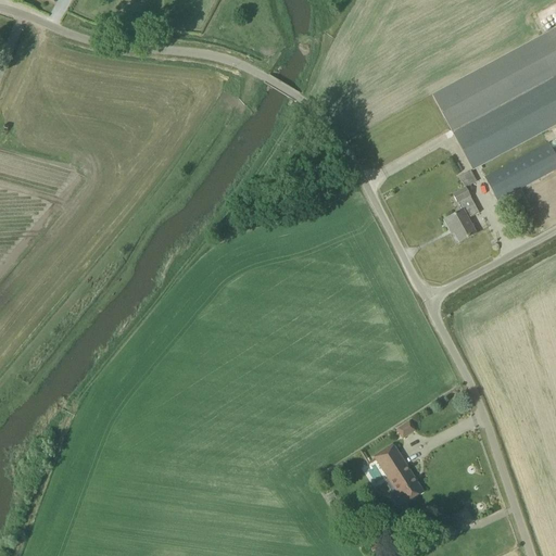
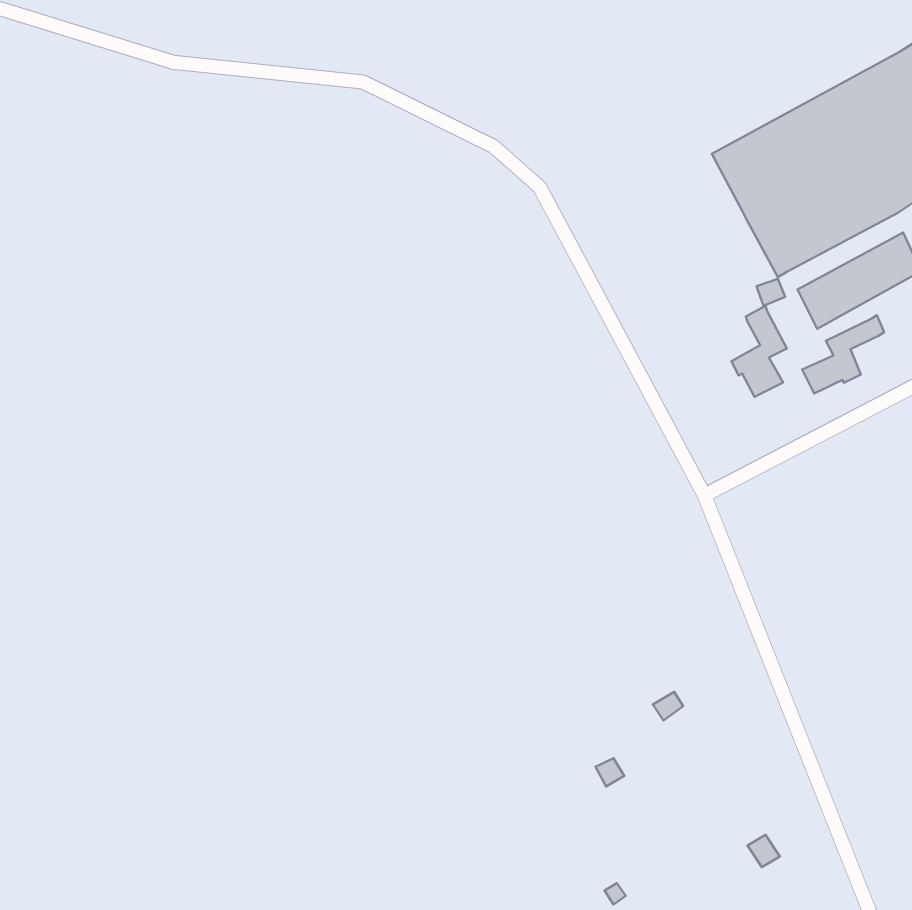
building: none -> [802,315,884,393]
building: [375,443,424,505] -> none

